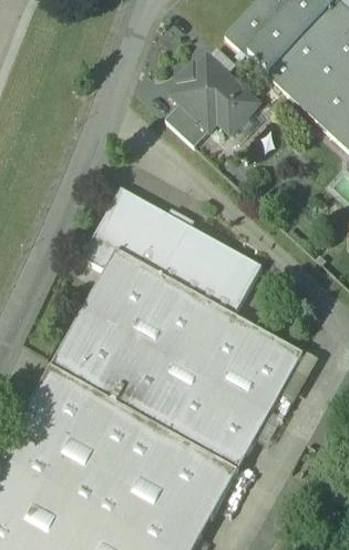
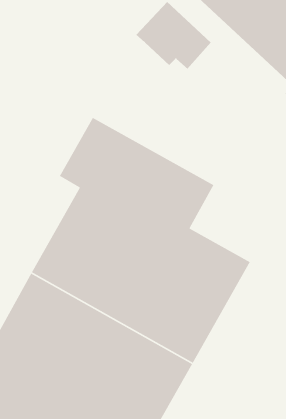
building: [165,101,209,144] -> none

